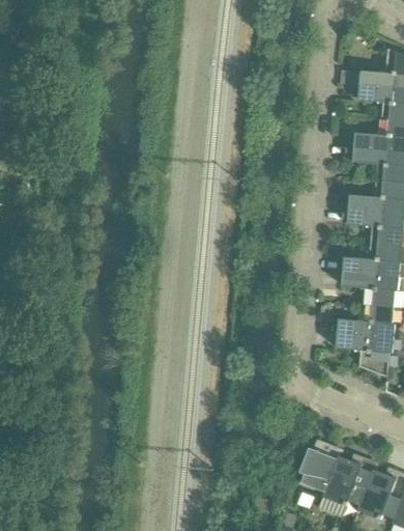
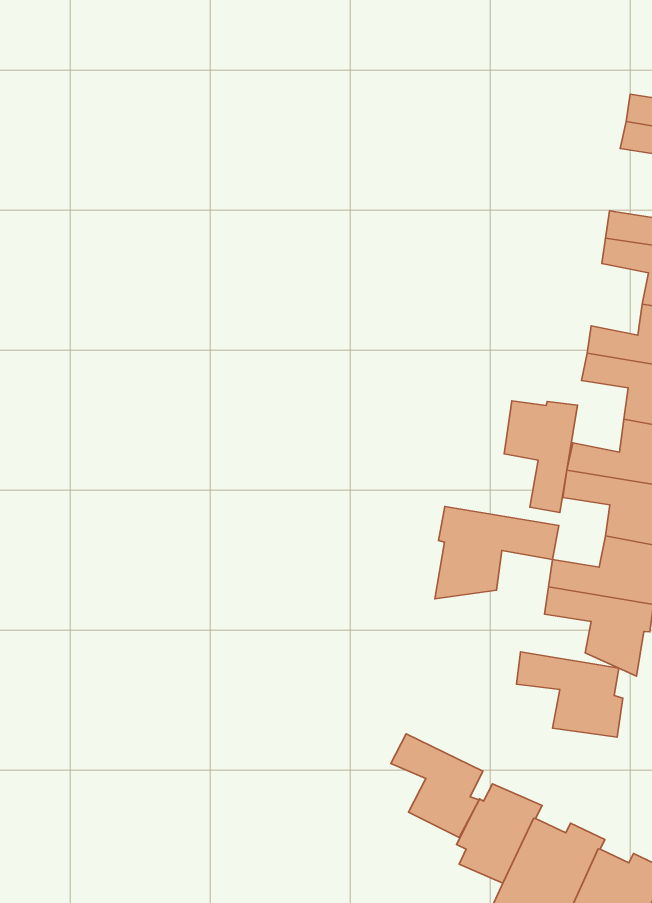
building: none -> [504,401,578,513]
building: none -> [435,506,559,599]
building: none -> [516,652,623,737]
building: none -> [391,734,483,838]

